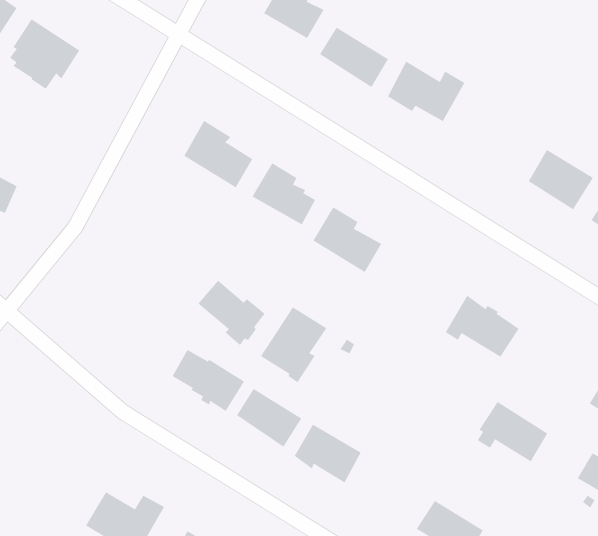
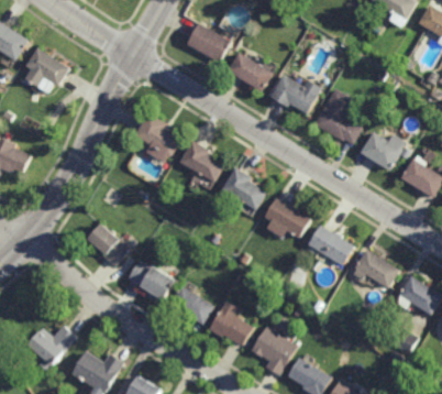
building: none -> [312,88,361,144]
building: none -> [264,198,309,239]
building: [198,280,265,346] -> [88,225,132,267]
building: [260,306,327,383] -> none
building: [477,401,548,462] -> [353,250,399,289]
building: none -> [26,326,76,373]
building: none -> [248,328,296,377]

